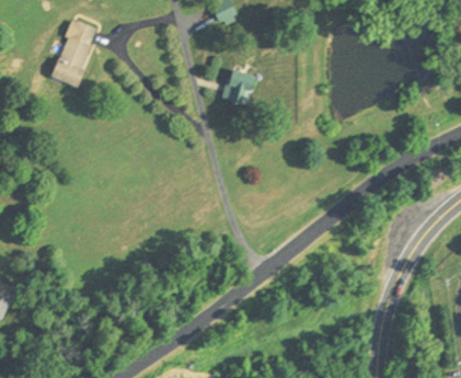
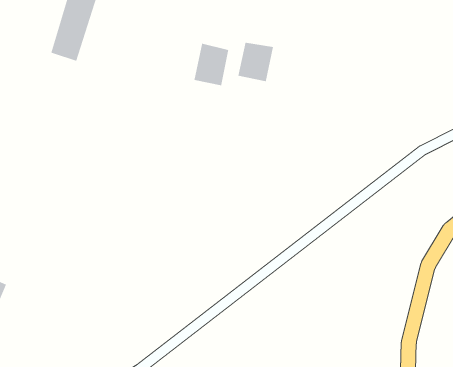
building: none -> [194,43,229,86]

